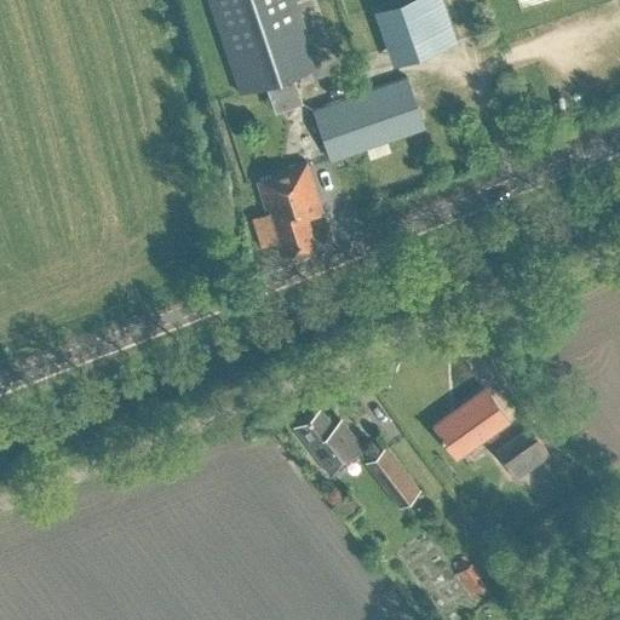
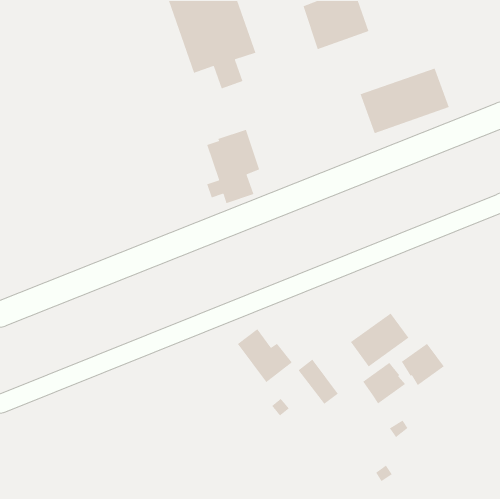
building: [314,79,425,161] -> [360,67,450,134]
building: none -> [362,362,406,405]

